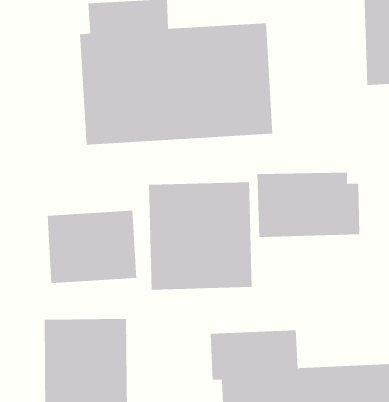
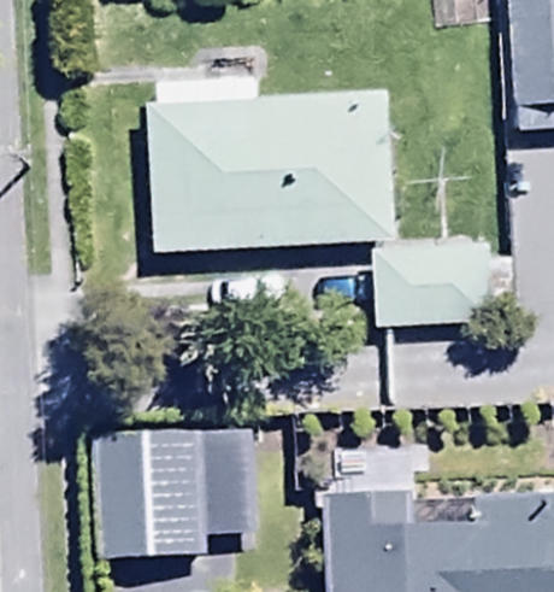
building: [148,181,252,290] -> none
building: [47,210,137,284] -> none

